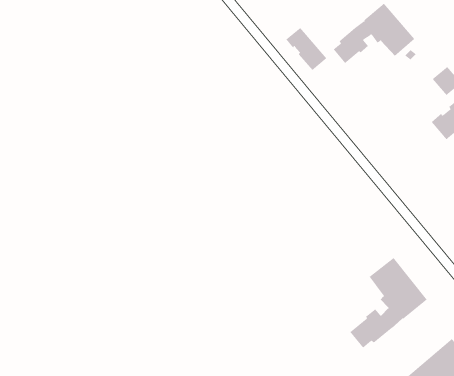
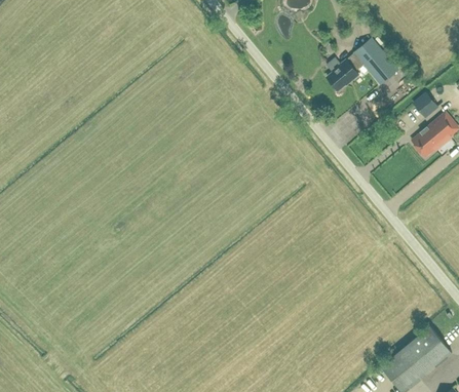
building: [286,27,327,71] -> none
building: [350,257,427,348] -> none

